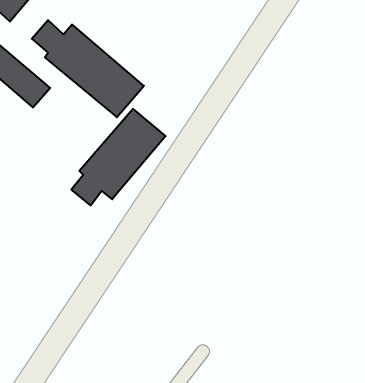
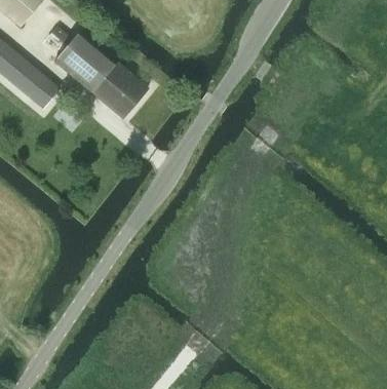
building: [71,109,166,205] -> none

